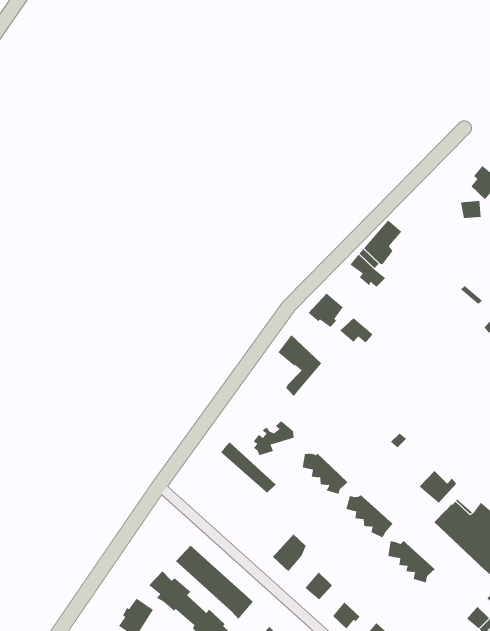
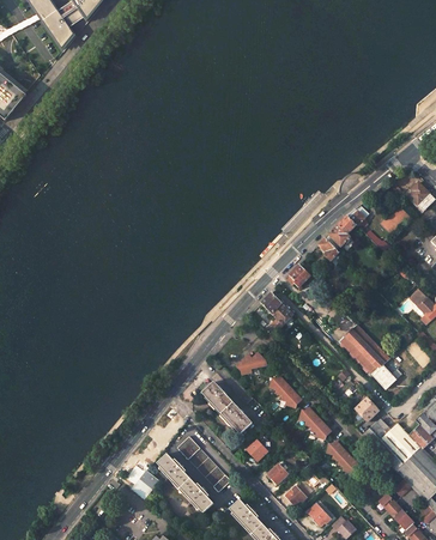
building: none -> [338,323,401,389]
building: none -> [200,381,250,433]

